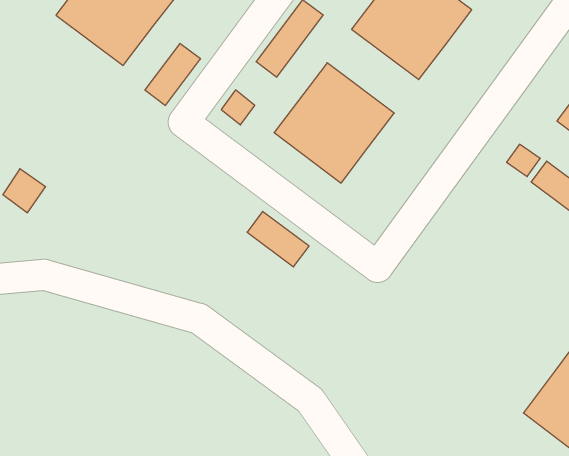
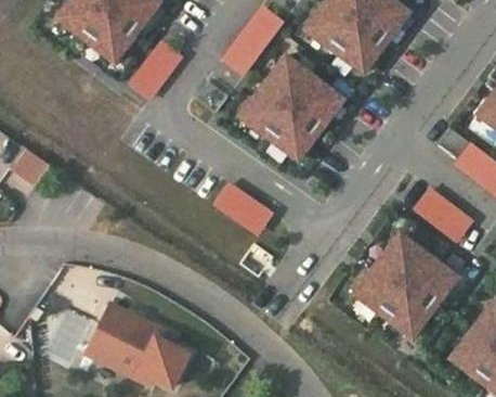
building: none -> [416,190,468,236]
building: none -> [352,230,455,334]
building: none -> [87,304,188,386]

